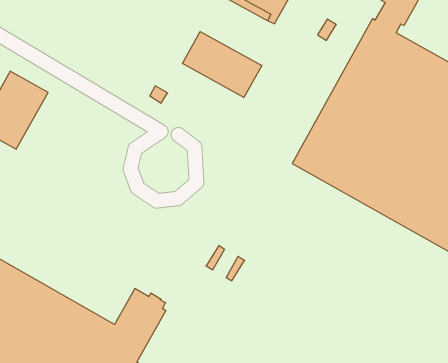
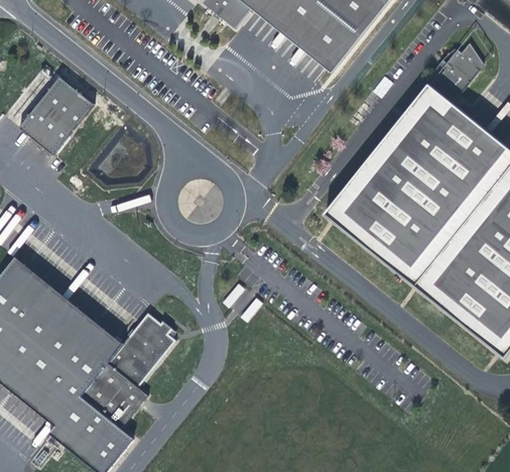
building: [182,32,262,97] -> none

